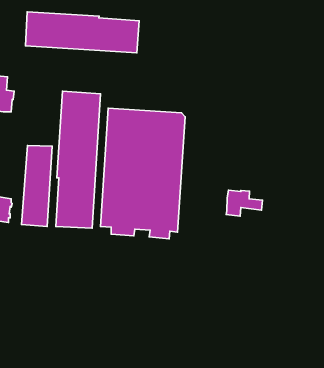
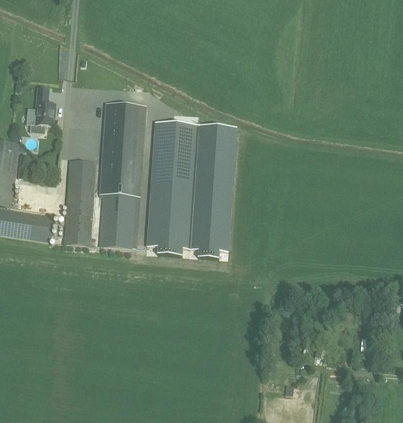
building: [25,12,139,53] -> none
building: [226,190,262,216] -> none

